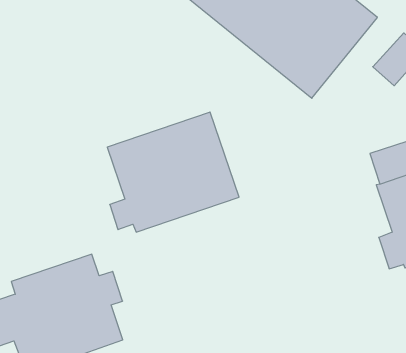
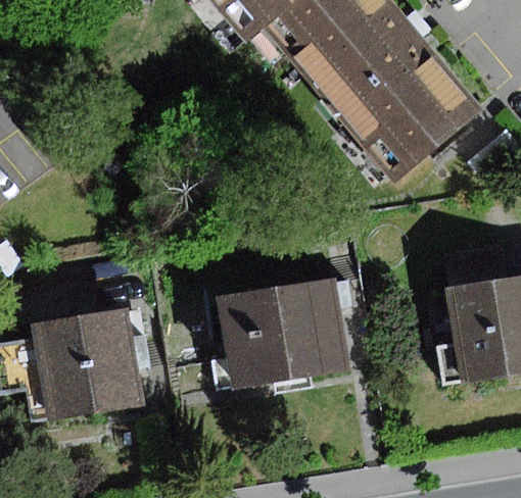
building: [107,112,239,232] -> [212,276,353,391]

